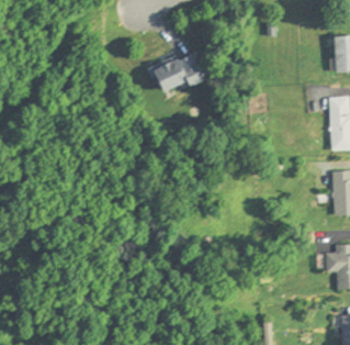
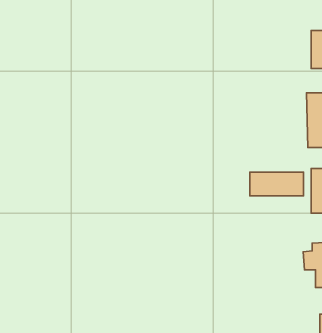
building: [151,49,203,97] -> none
building: none -> [250,172,304,196]

